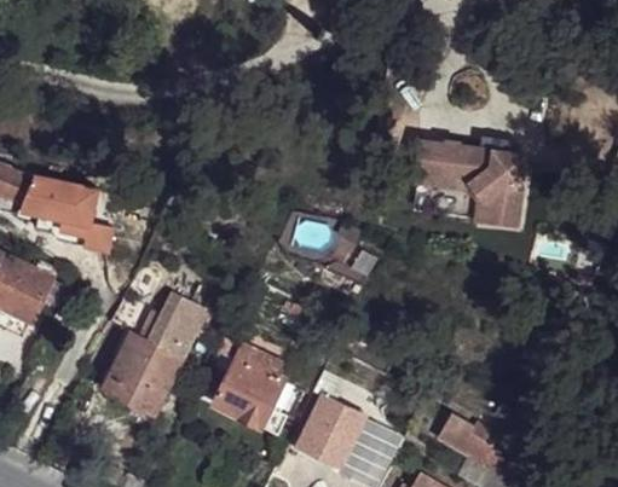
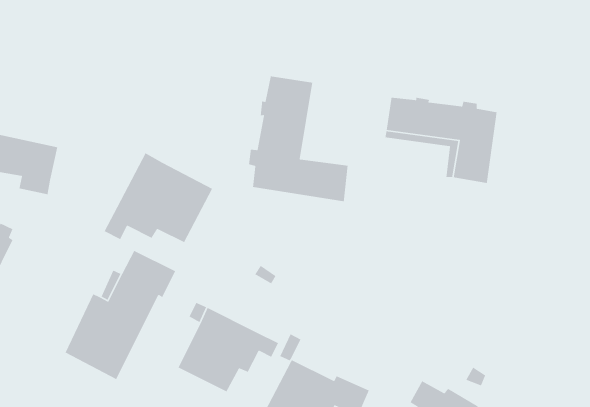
building: none -> [248,76,348,202]
building: none -> [104,152,213,243]

